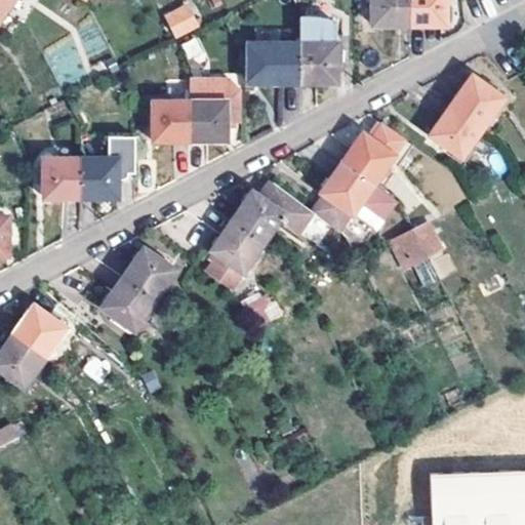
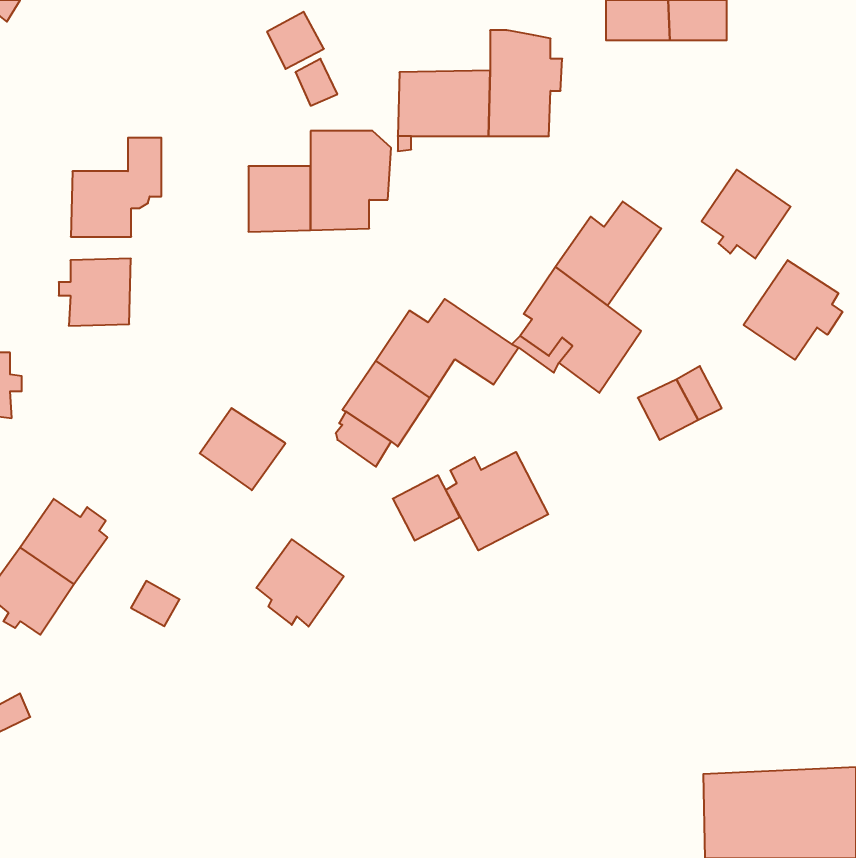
building: [450,76,503,126] -> none
building: [79,137,134,198] -> [71,138,161,237]
building: none -> [744,260,842,360]
building: none -> [446,452,548,550]
building: [100,277,154,330] -> [256,539,344,627]

